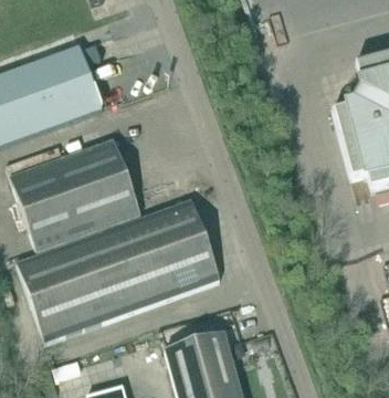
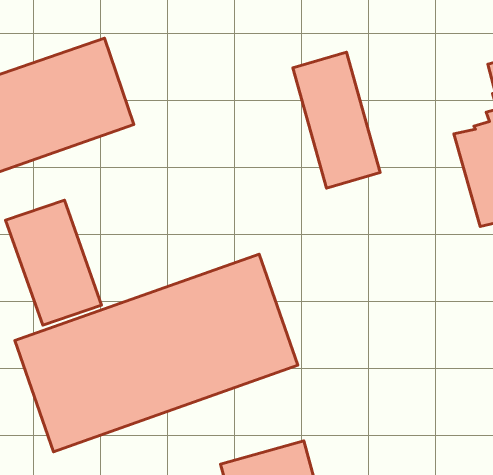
building: none -> [293,52,380,188]
building: [53,139,141,237] -> none

